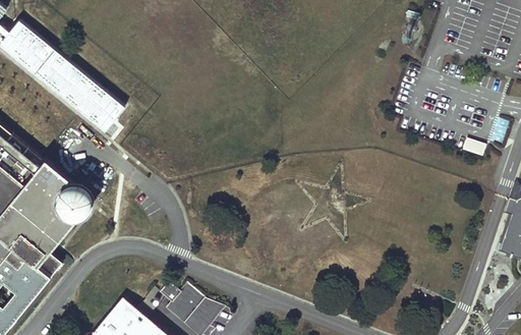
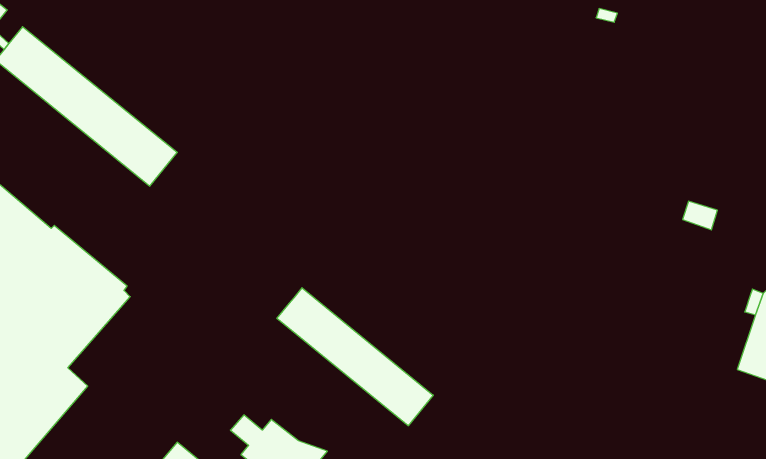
building: none -> [277,288,433,426]

